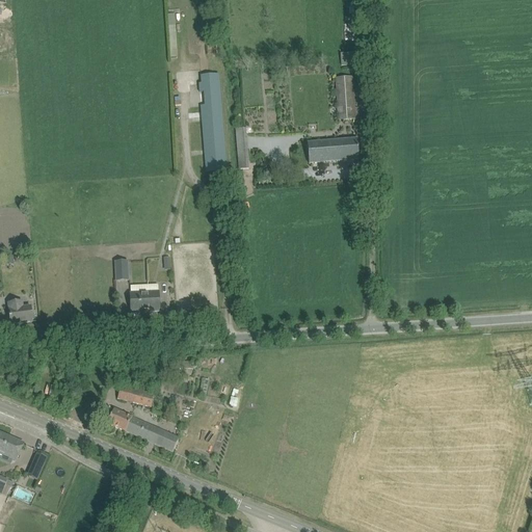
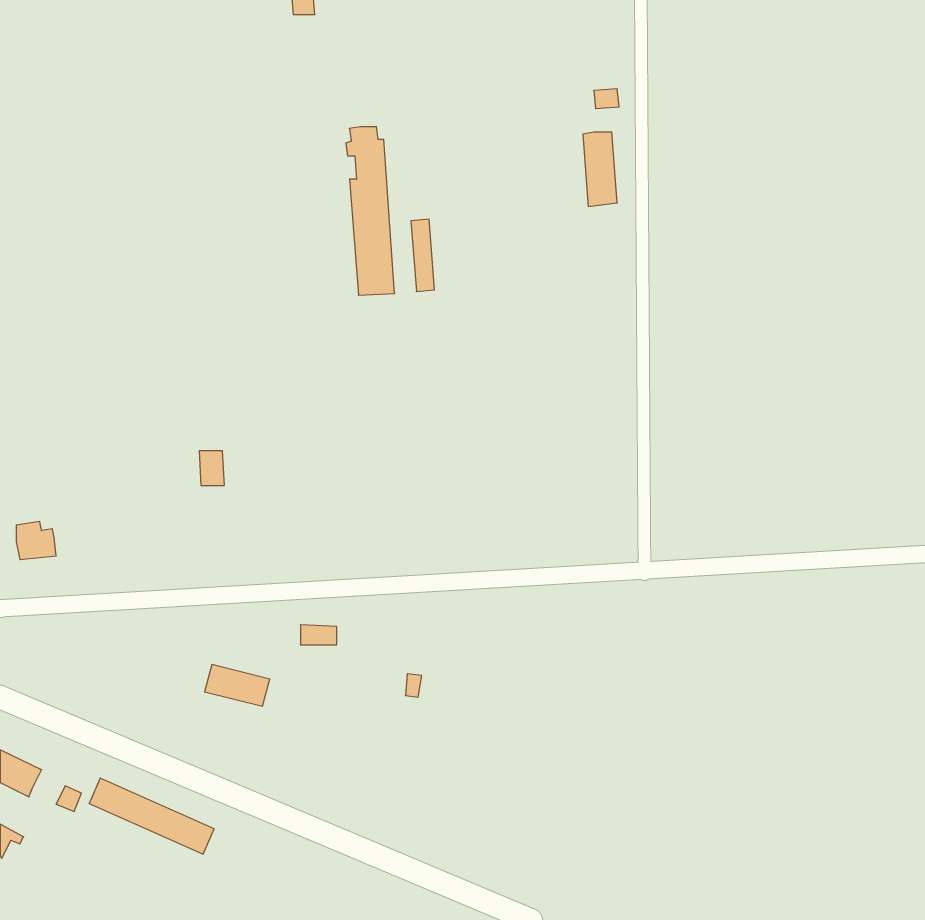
building: [308,136,358,161] -> none
building: [130,283,159,309] -> none
building: [107,406,179,450] -> [89,778,214,854]

